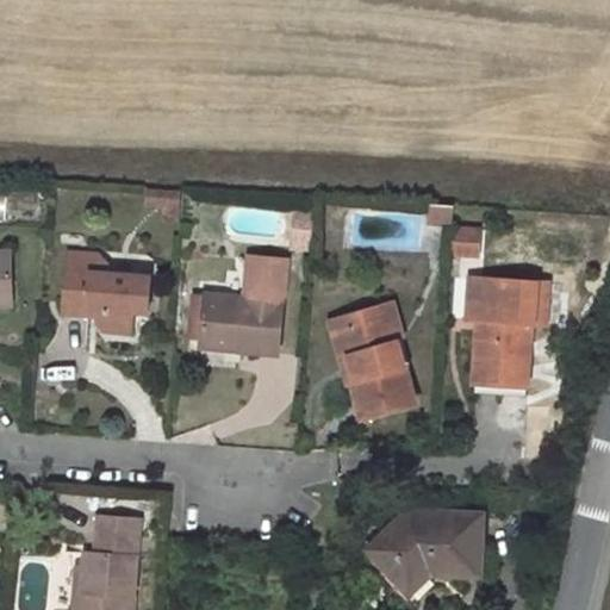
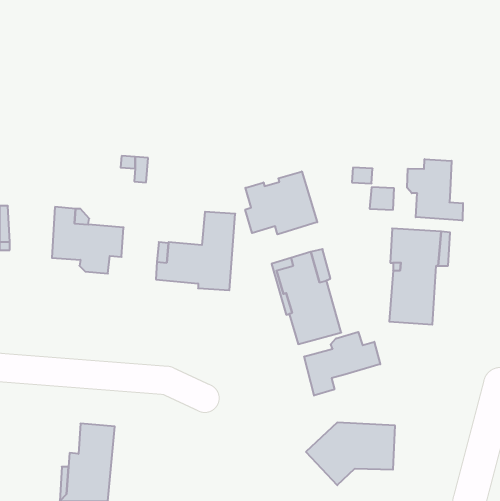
building: none -> [407,159,463,221]
building: none -> [245,171,317,234]
building: none -> [304,332,380,396]

